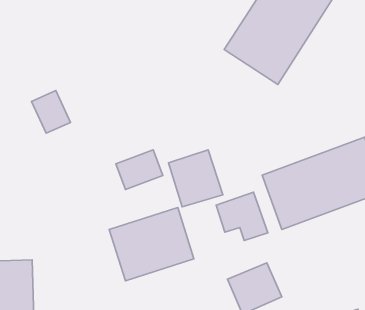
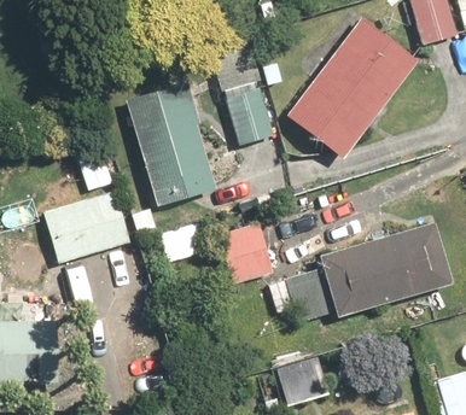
building: none -> [223,84,273,144]
building: none -> [122,80,220,210]
building: [109,207,194,281] -> [39,189,129,265]

